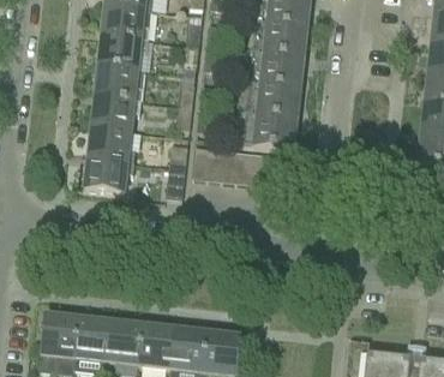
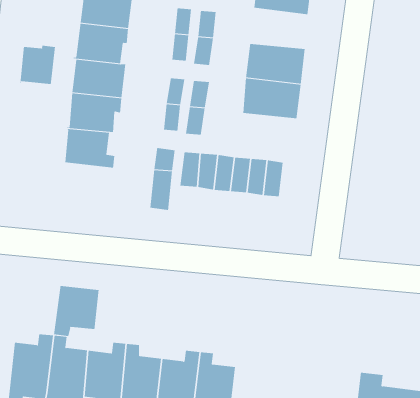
building: [252,22,304,58] -> none
building: none -> [20,45,55,85]
building: [242,114,294,150] -> none
building: [84,157,133,193] -> none
building: none -> [53,285,99,337]

